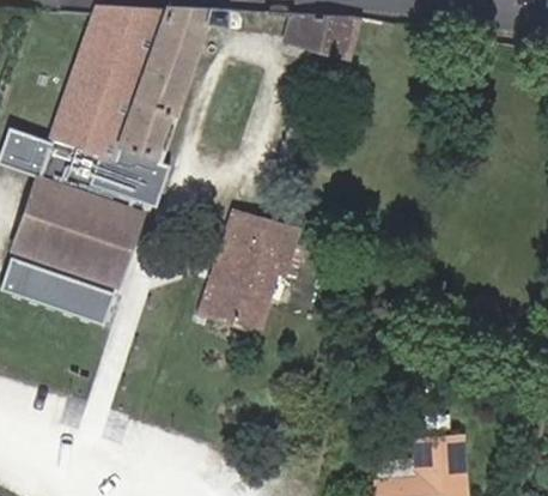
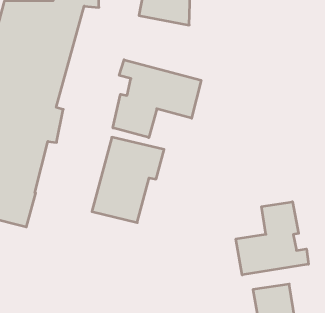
building: none -> [113,60,201,138]
building: none -> [236,202,308,275]

